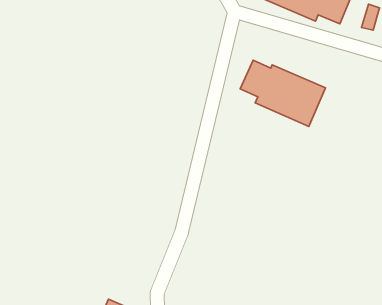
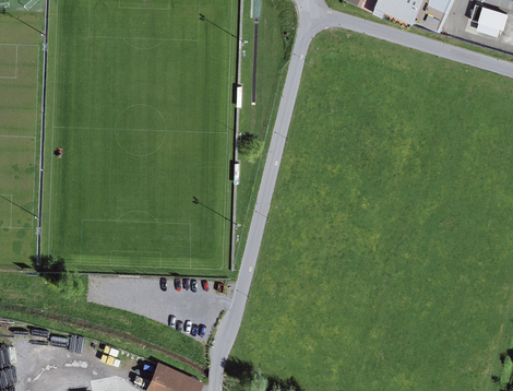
building: [240,60,325,127] -> none

